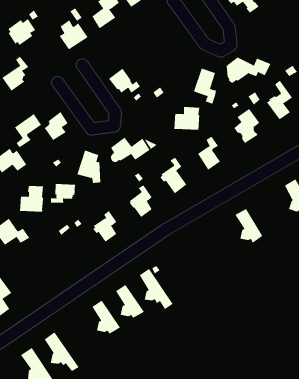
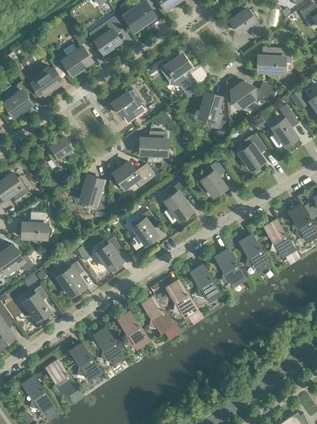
building: [7,18,36,46] -> [31,68,60,96]
building: none -> [257,48,290,79]
building: none -> [165,56,190,89]
building: [173,107,200,130] -> [139,132,166,156]
building: [14,113,42,148] -> none
building: [50,183,76,204] -> none
building: none -> [264,220,298,262]
building: none -> [215,250,244,286]
building: none -> [56,262,84,296]
building: none -> [190,265,220,301]
building: none -> [166,280,201,322]
building: none -> [23,288,48,321]
building: none -> [70,344,100,379]

